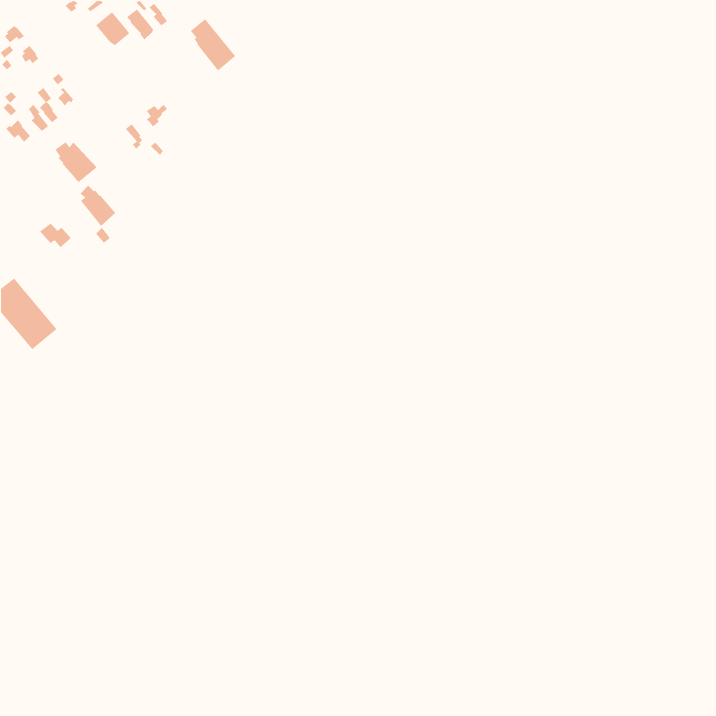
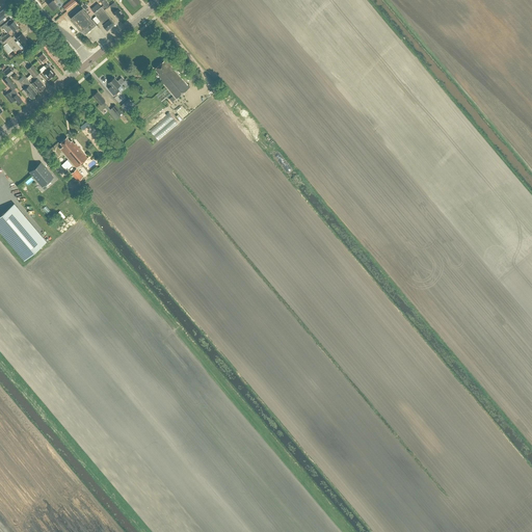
building: [190,18,236,72] -> [155,59,189,99]
building: [54,141,98,183] -> none

